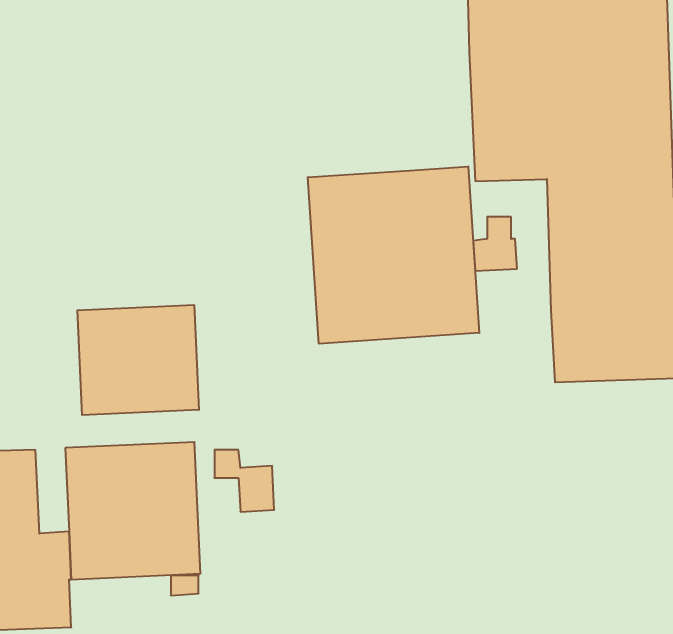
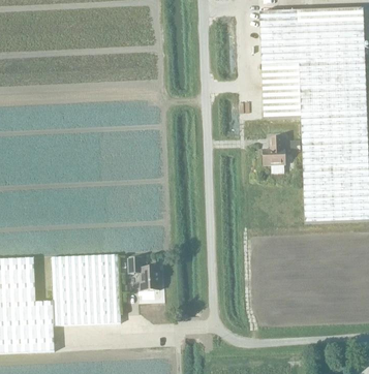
building: [308,166,479,344] -> none
building: [77,305,199,415] -> none

